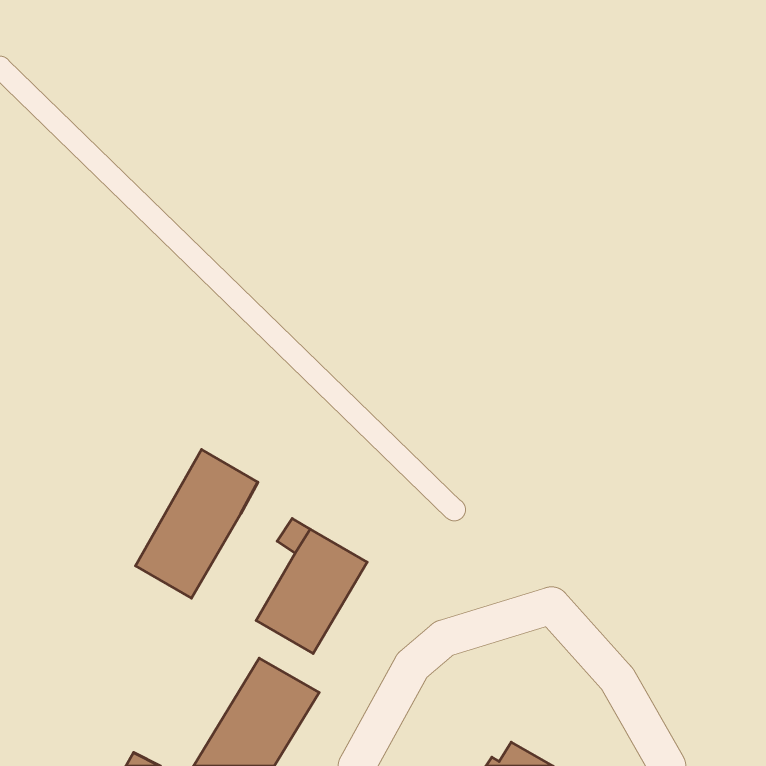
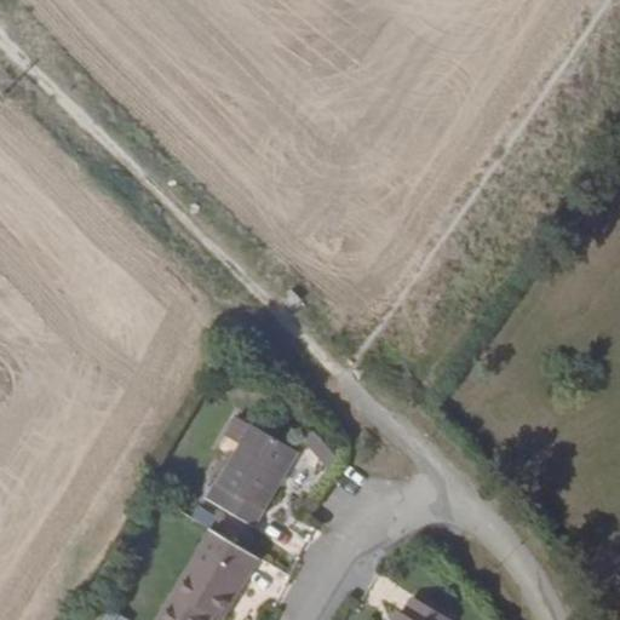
building: [135,450,258,598] -> none

